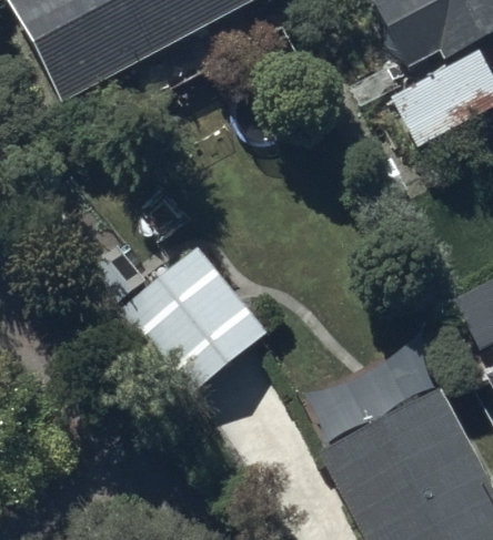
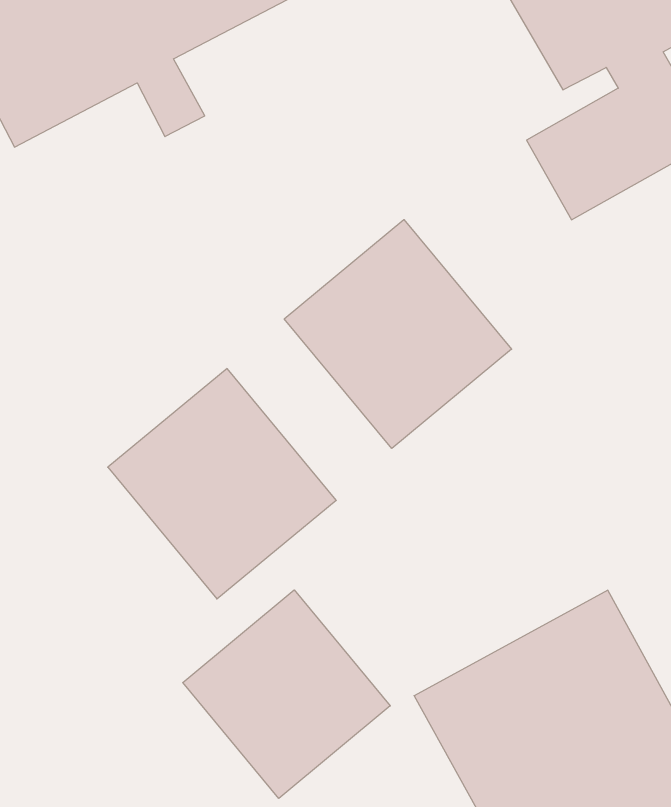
building: none -> [284,220,512,448]
building: none -> [183,590,390,798]

